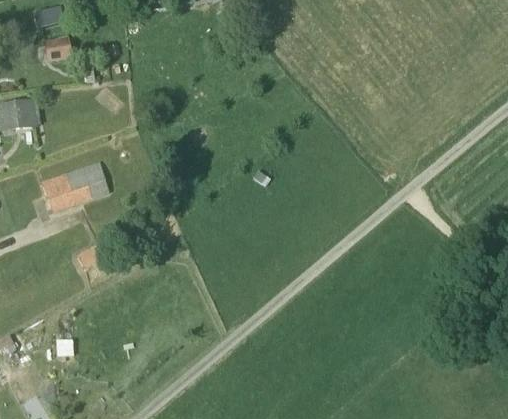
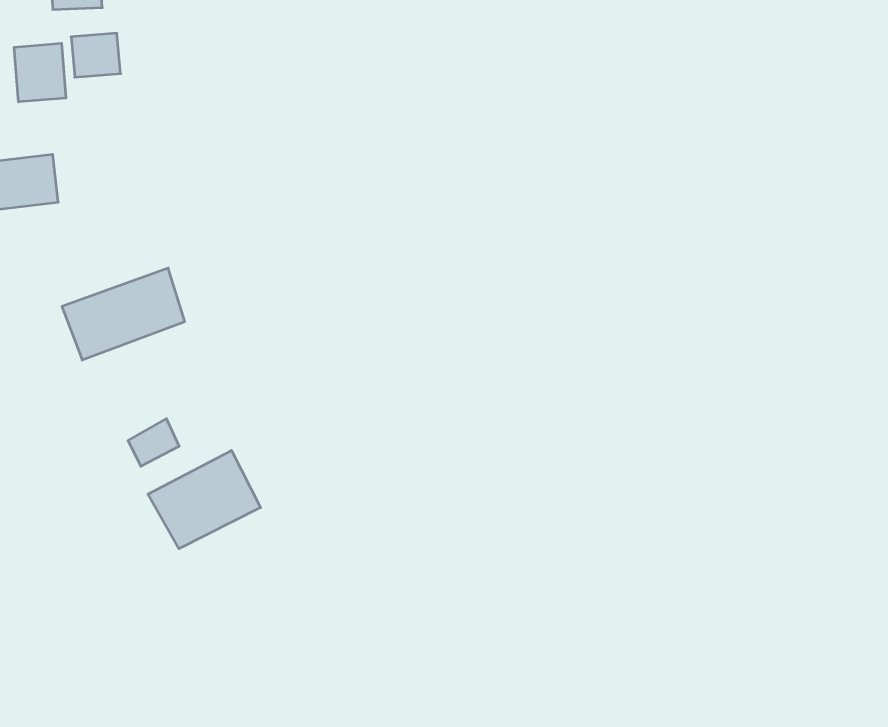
building: none -> [14,43,66,102]
building: none -> [148,450,261,549]

